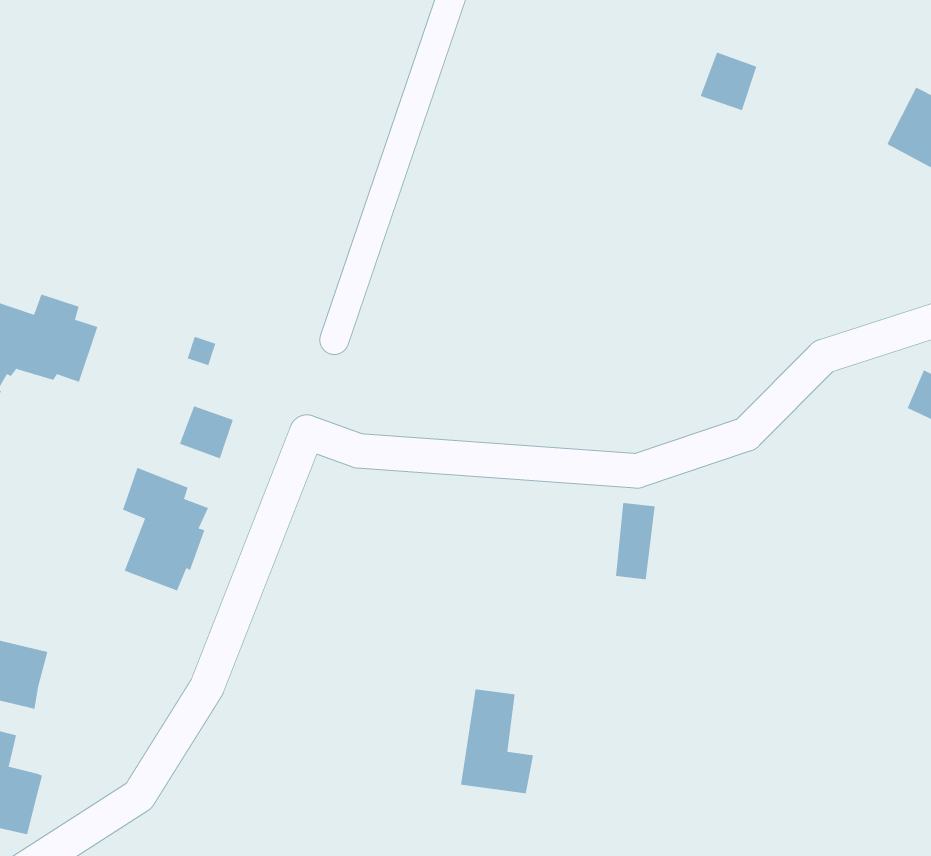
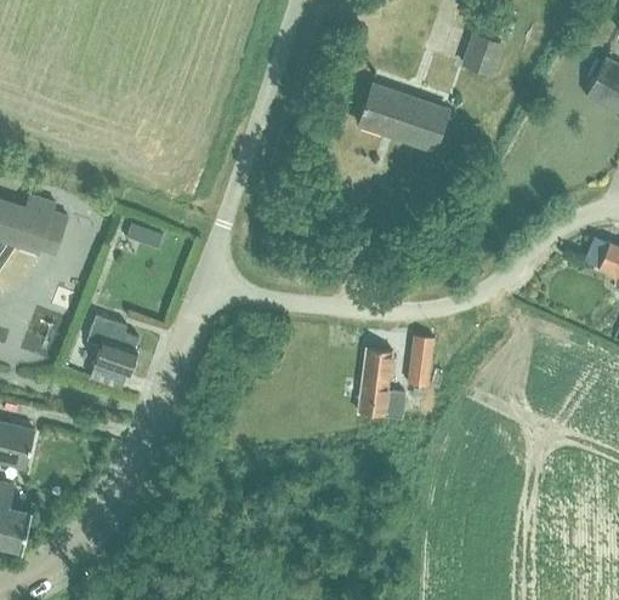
building: none -> [358,85,447,152]
building: [179,406,233,459] -> none
building: [460,689,534,794] -> [356,348,404,417]

